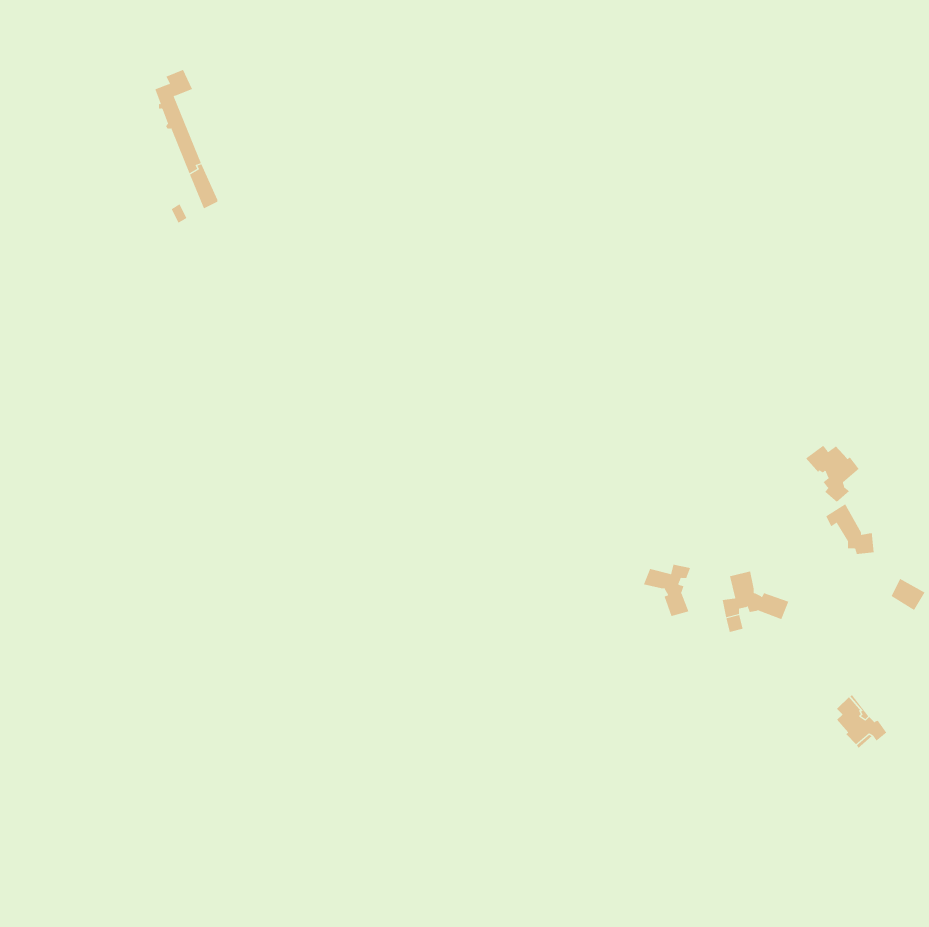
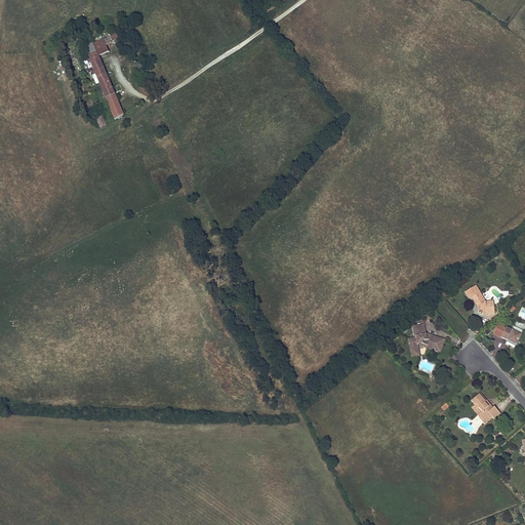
building: [805,445,860,503] -> none
building: [643,564,691,617] -> none

